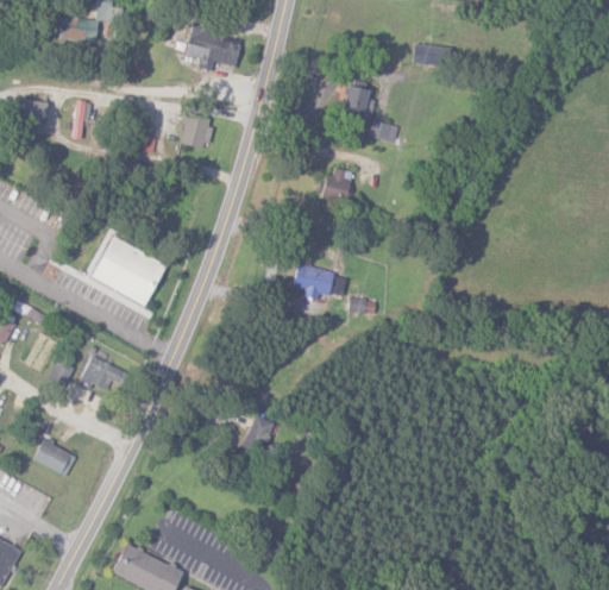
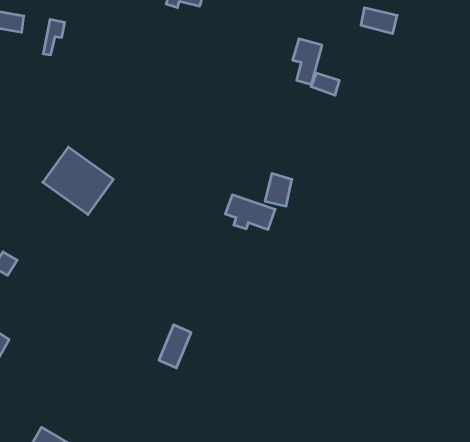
building: [180,118,213,150] -> none
building: [325,168,351,201] -> [265,173,292,206]
building: [79,354,121,391] -> none

